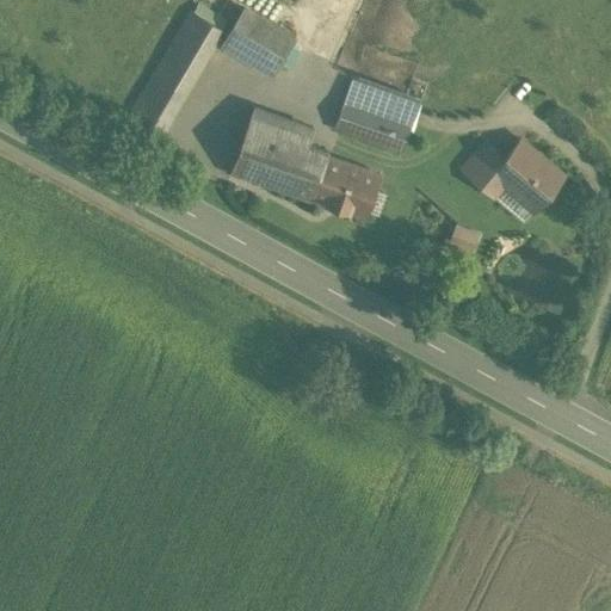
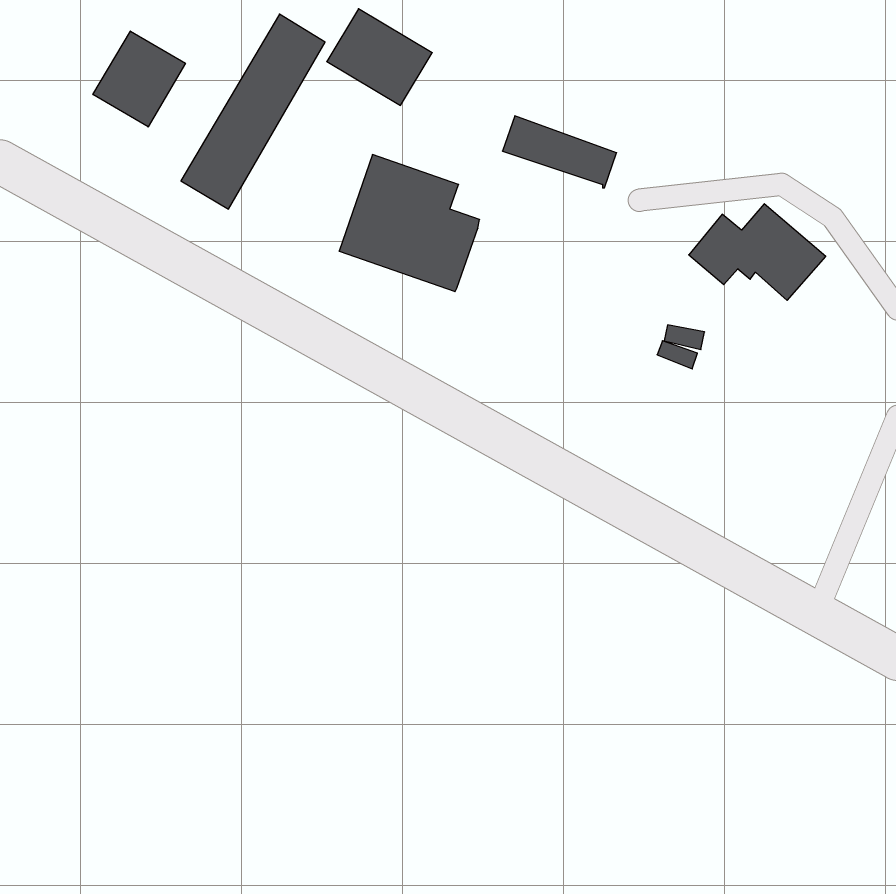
building: none -> [93,31,185,127]
building: [334,105,411,153] -> none
building: [311,158,378,217] -> none

